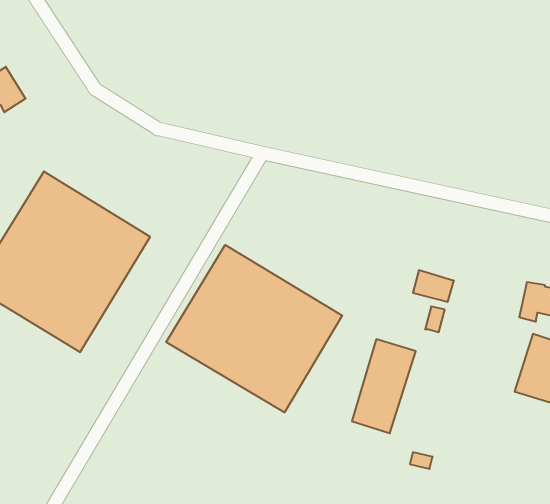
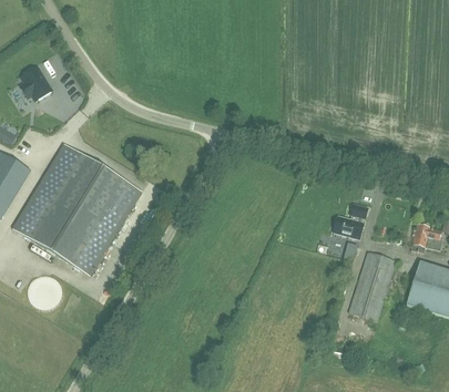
building: [166,245,342,412] -> none
building: [352,339,416,433] -> [349,251,396,320]

